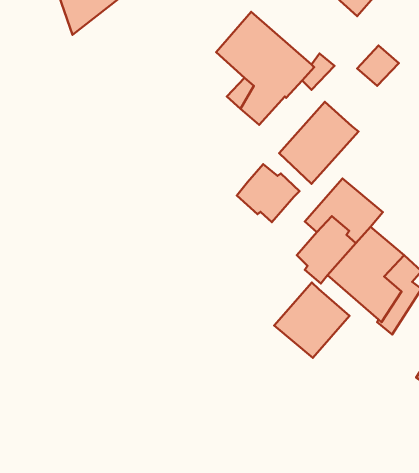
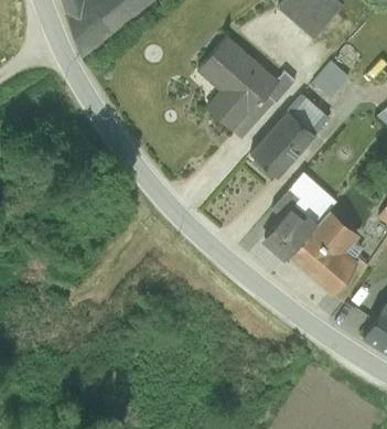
building: none -> [287,95,327,131]
building: [237,164,300,222] -> none
building: [274,282,350,358] -> none

